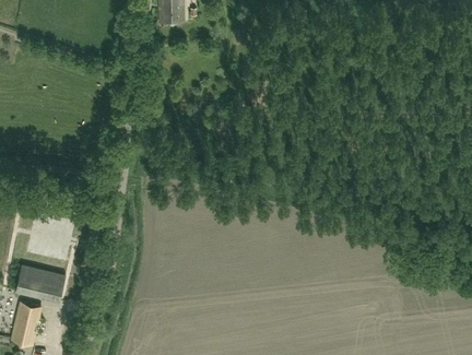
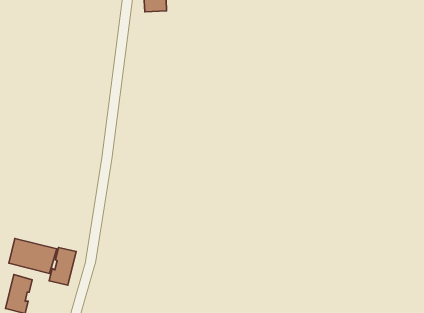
building: none -> [49,248,76,285]

